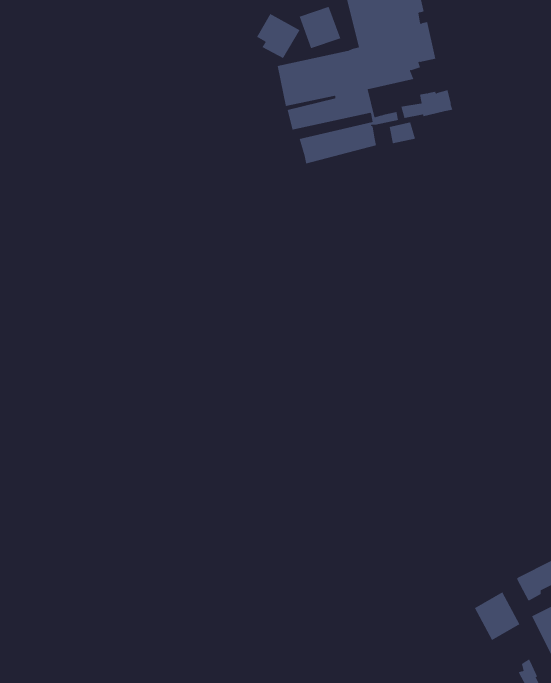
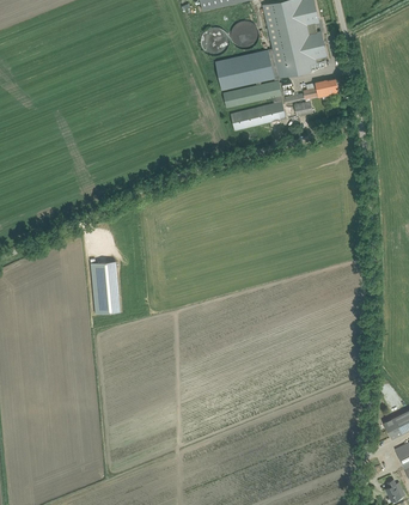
building: none -> [90,261,120,314]
building: [474,591,520,641] -> none

